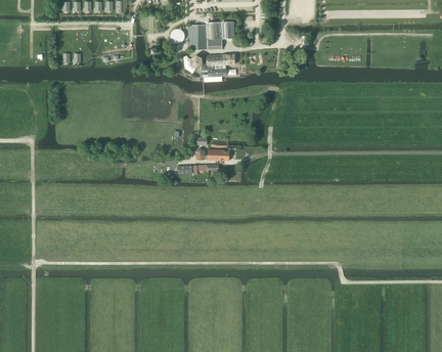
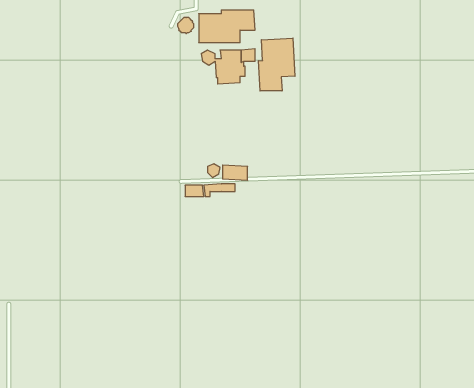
building: none -> [258,38,295,91]

